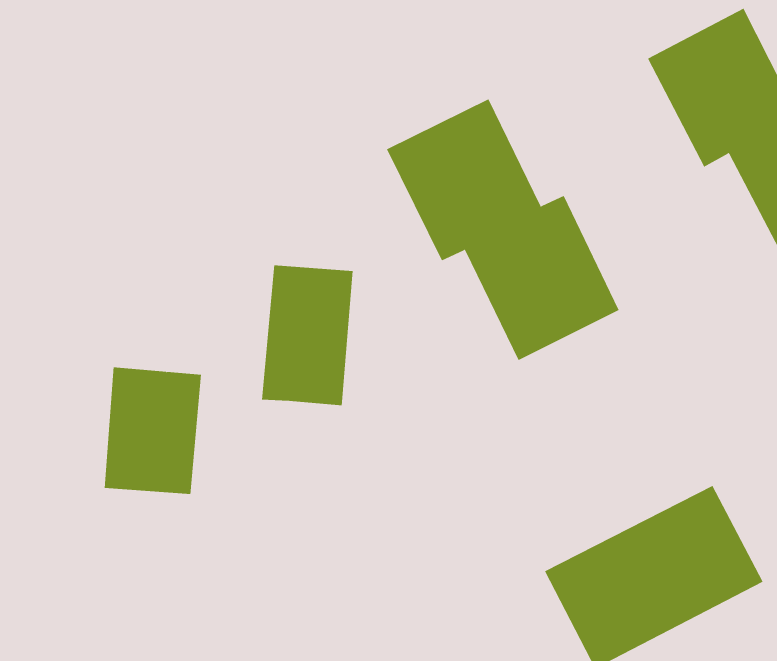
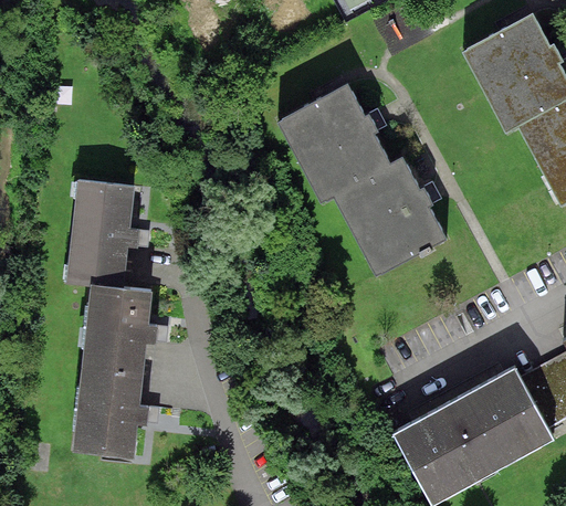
building: [261,265,353,406] -> [65,185,132,286]
building: none -> [72,370,142,455]

